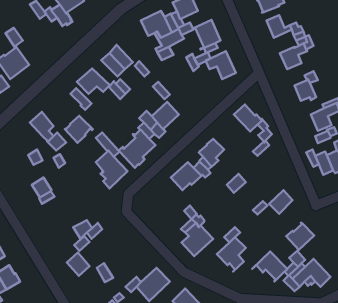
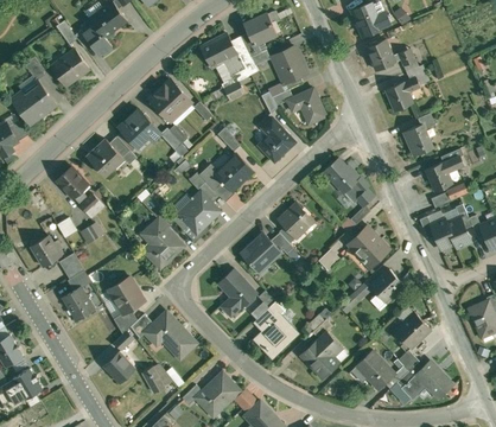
building: none -> [51,50,89,87]
building: none -> [259,117,294,161]
building: [65,116,93,143] -> [87,140,123,176]
building: none -> [348,227,386,268]
building: none -> [31,236,61,268]
building: none -> [218,270,256,317]
building: none -> [110,276,145,314]
building: none -> [62,287,94,321]
building: none -> [145,312,196,358]

